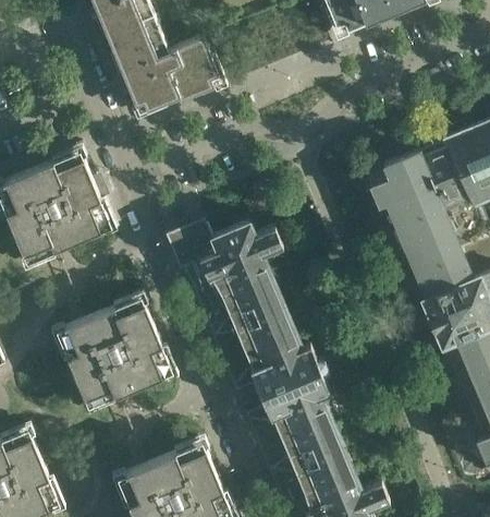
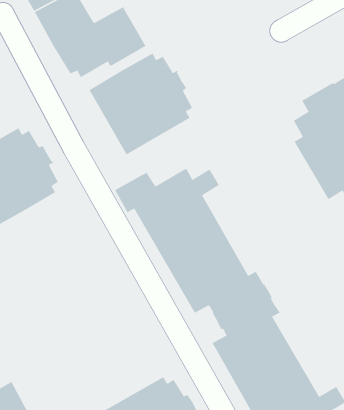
building: none -> [89,53,193,156]
building: [57,300,171,409] -> none

